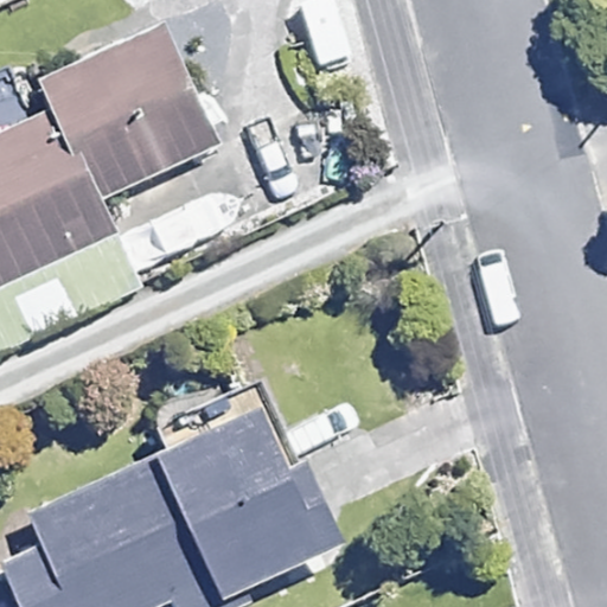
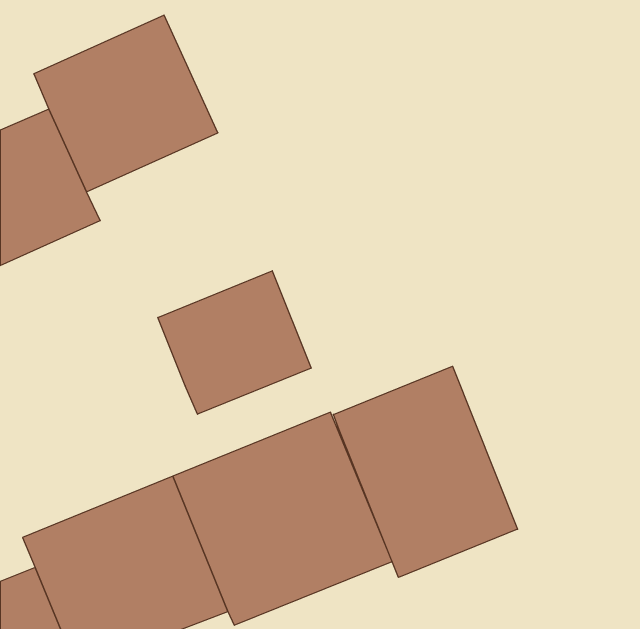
building: none -> [158,271,311,414]
building: none -> [333,366,518,577]

